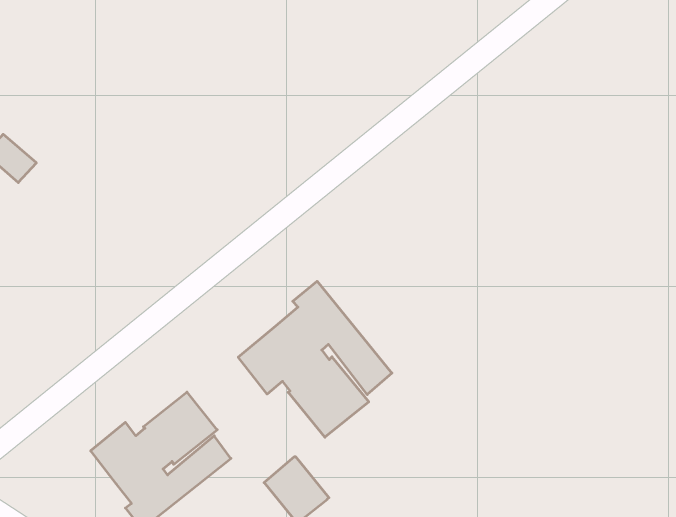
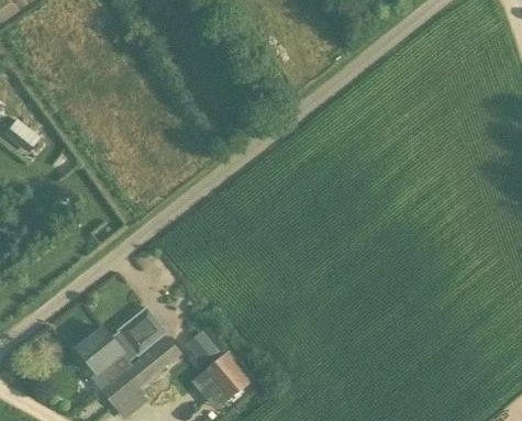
building: [238,281,392,437] -> none
building: none -> [181,330,216,366]

